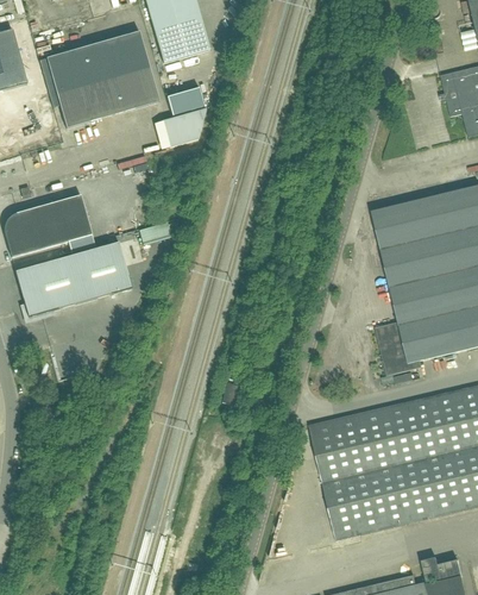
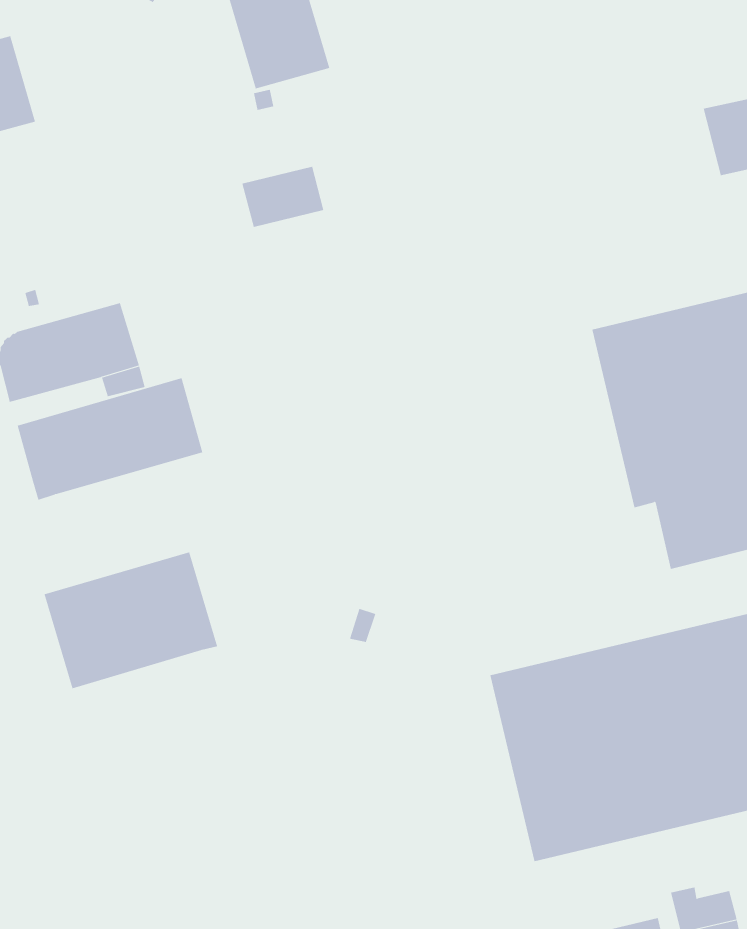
building: [39,30,158,126] -> none
building: [166,87,203,115] -> none
building: [375,318,422,375] -> none
building: none -> [44,552,218,689]

